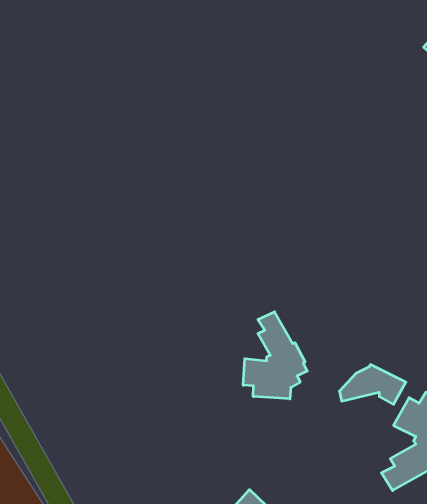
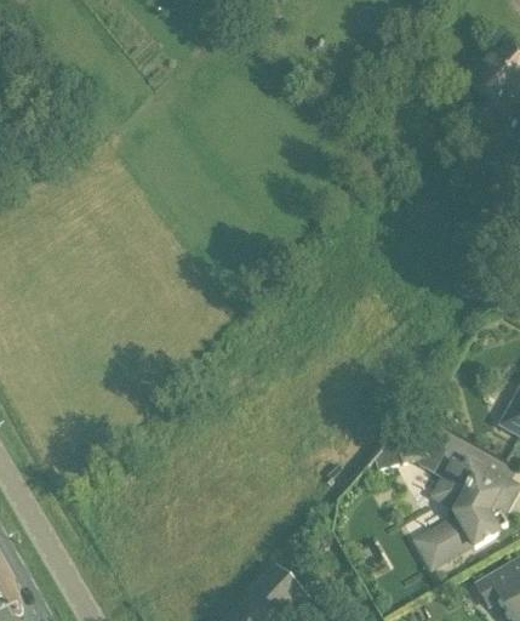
building: [243,312,307,399] -> none

